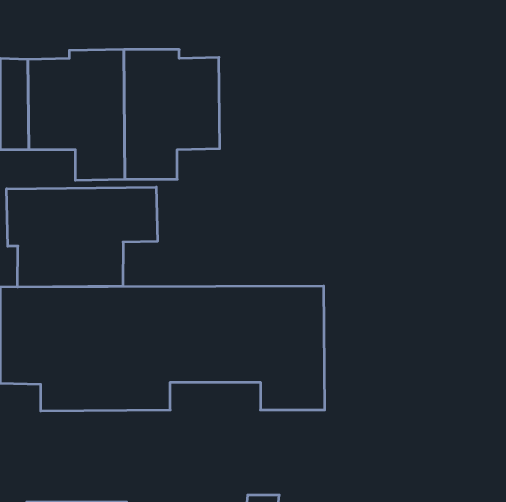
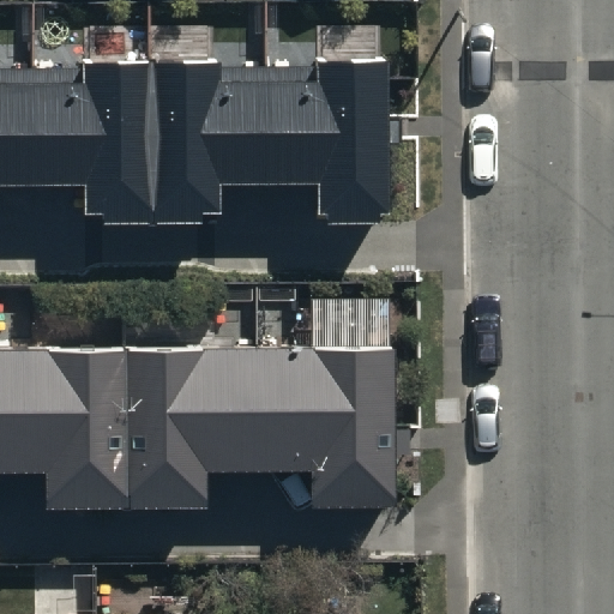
building: none -> [265,64,383,222]
building: [7,187,157,287] -> none

